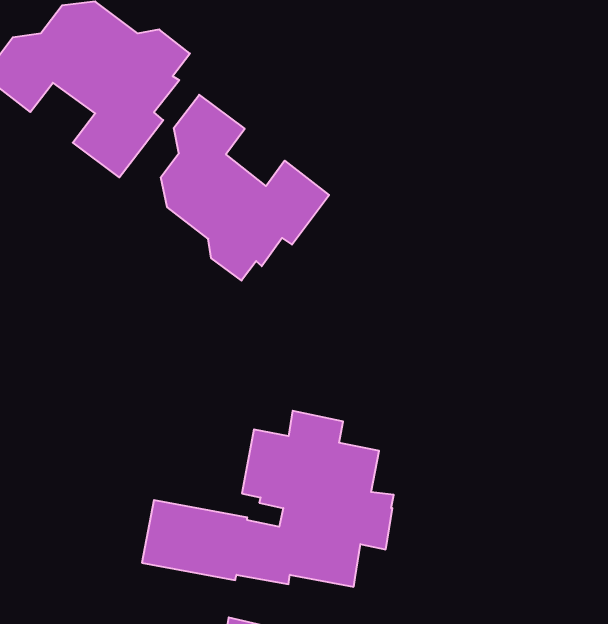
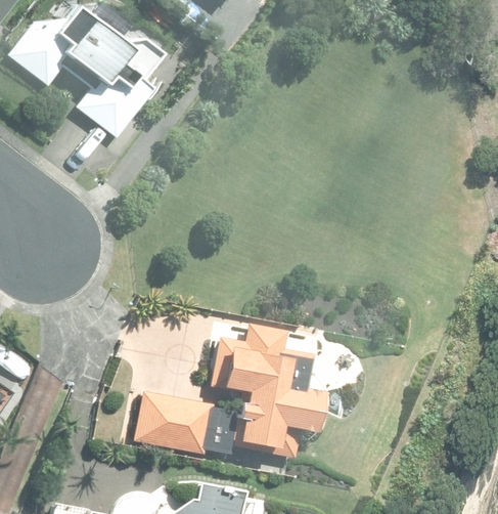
building: [161,95,329,281] -> none

